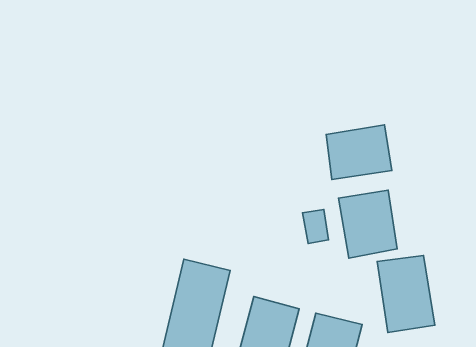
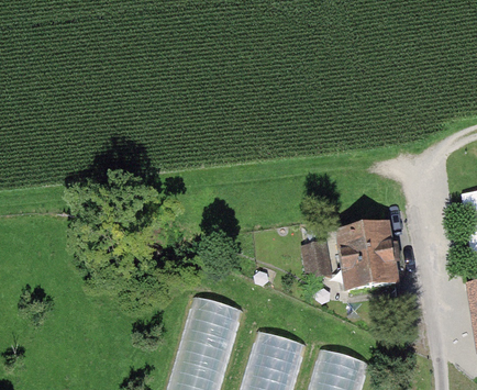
building: [326,125,392,180] -> none
building: [377,256,435,332] -> none

